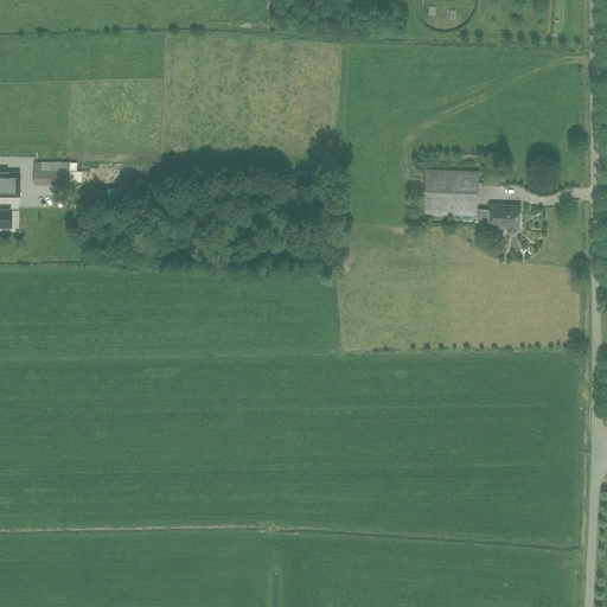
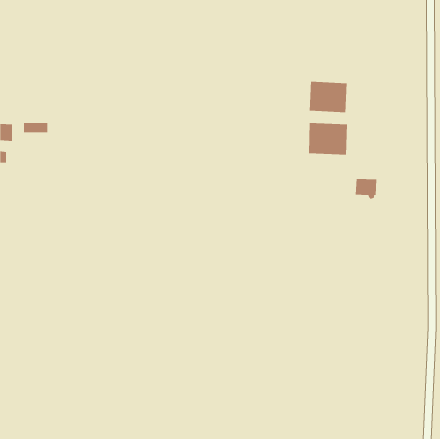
building: none -> [309,81,347,113]
building: [488,204,519,232] -> [355,178,377,199]

